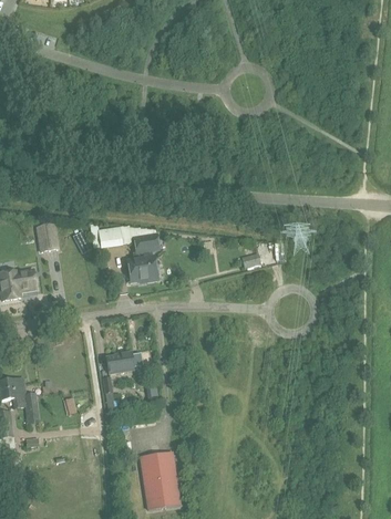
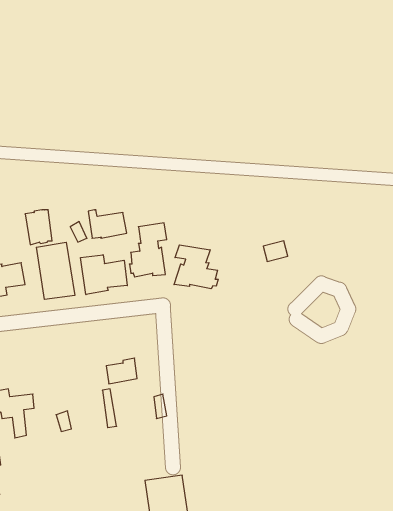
building: none -> [36,242,75,299]
building: none -> [174,245,218,289]
building: none -> [81,255,127,295]

